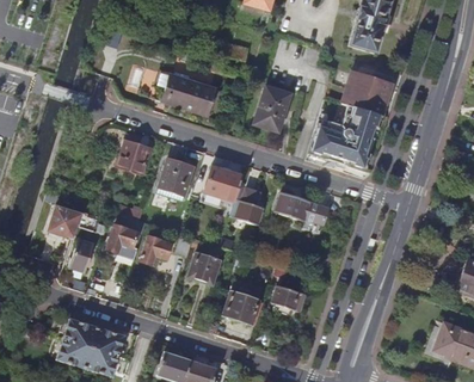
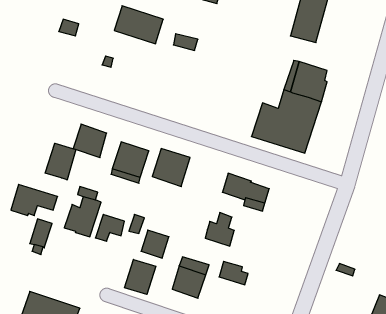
building: [164,75,216,116] -> [114,6,163,44]
building: [253,86,290,131] -> none
building: none -> [45,143,76,180]
building: [229,189,260,224] -> [205,213,234,246]
building: none -> [125,259,156,294]

